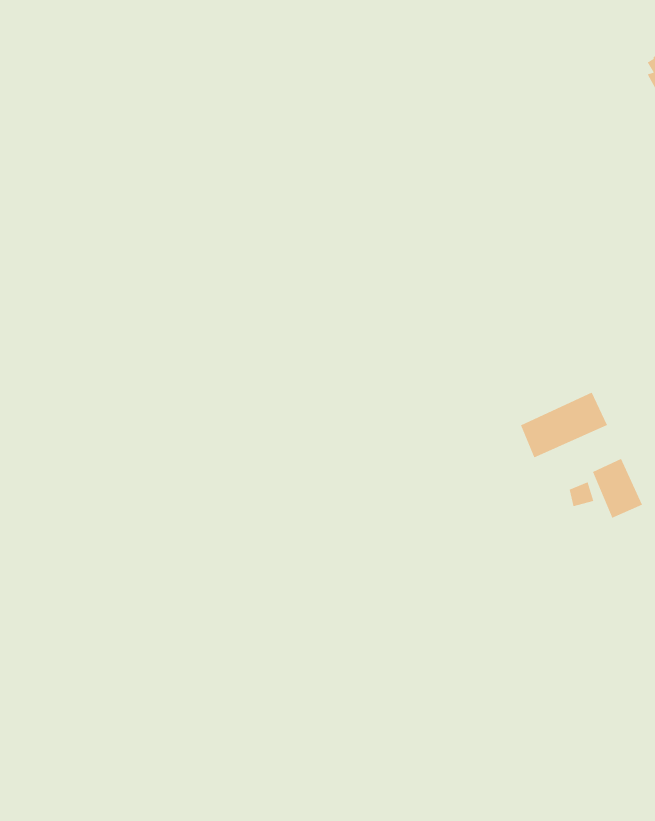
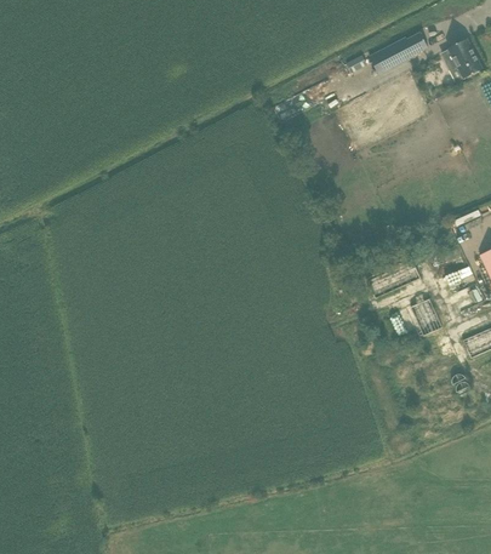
building: none -> [370,32,428,73]

